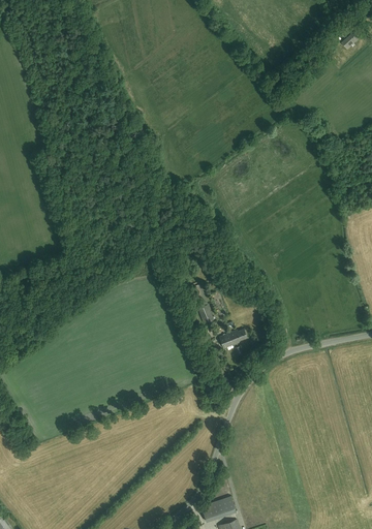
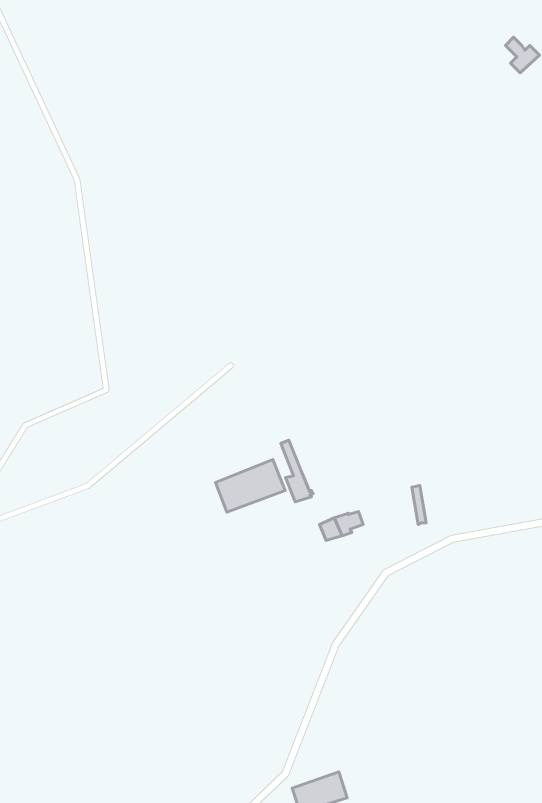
building: none -> [216,460,285,512]

